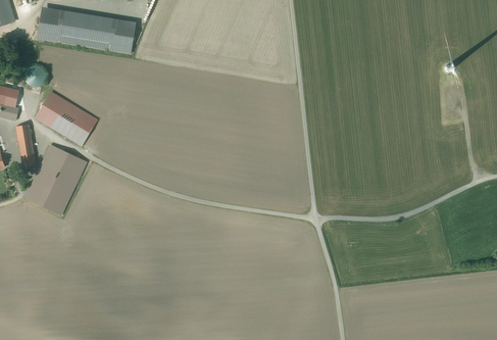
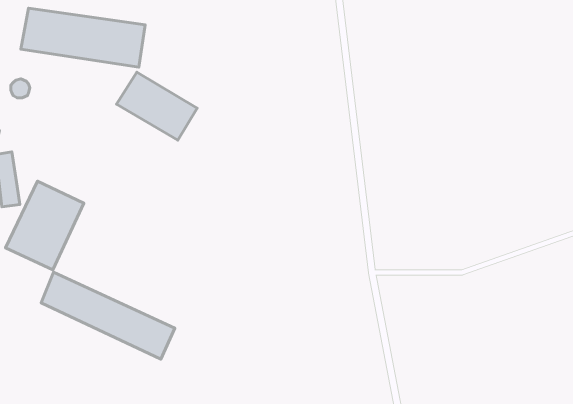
building: [34,88,98,142] -> [116,72,197,140]
building: none -> [41,272,175,359]

